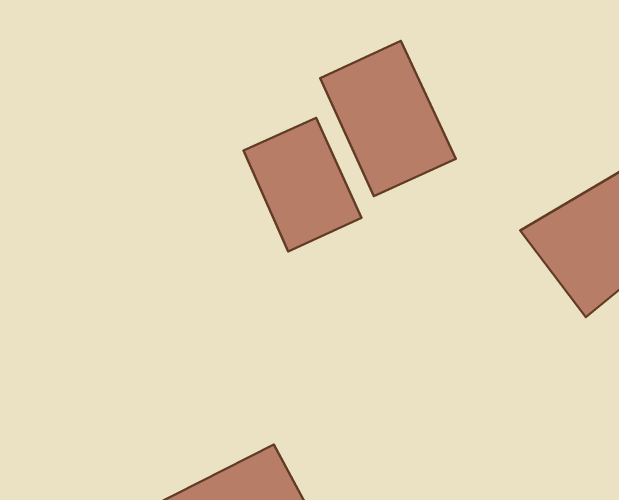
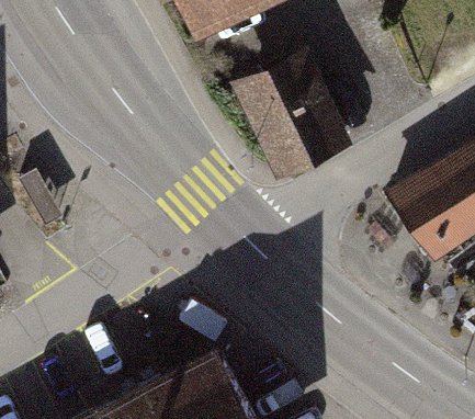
building: [243,118,362,252] -> none

